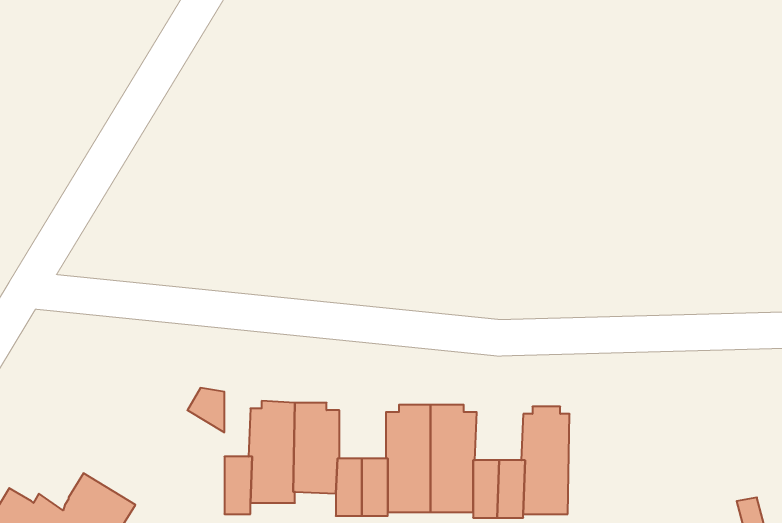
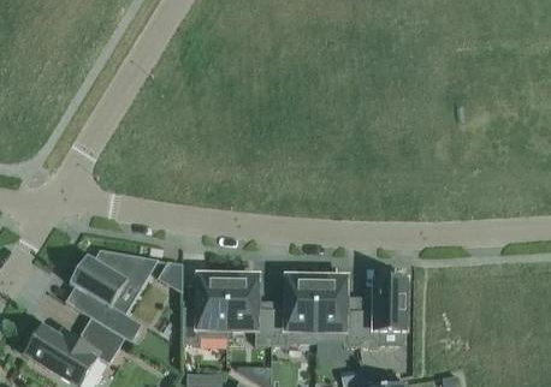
building: none -> [65,251,142,341]

